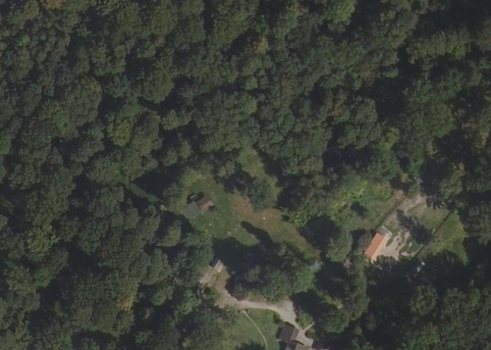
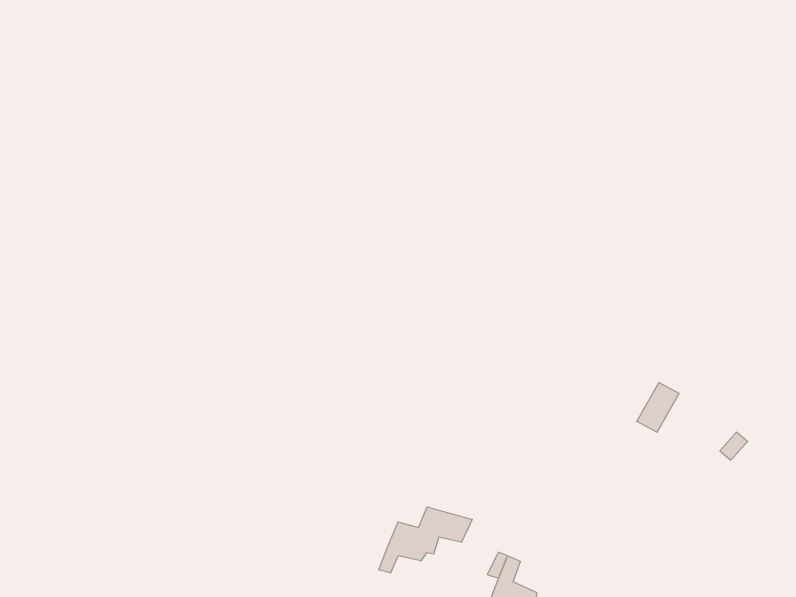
building: none -> [379,507,472,573]

